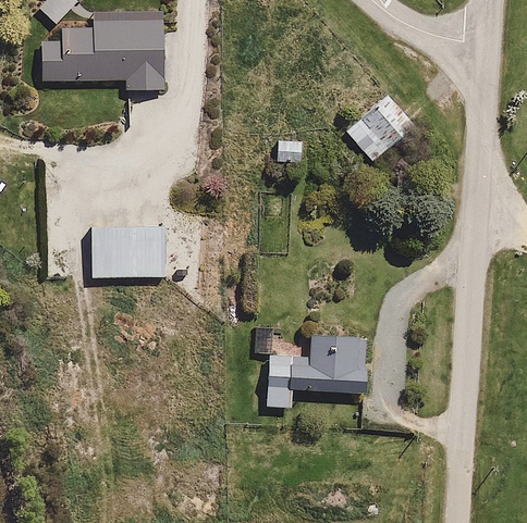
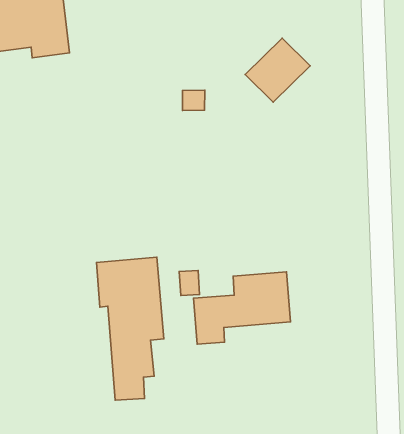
building: [94,227,164,278] -> none
building: none -> [96,257,164,400]

